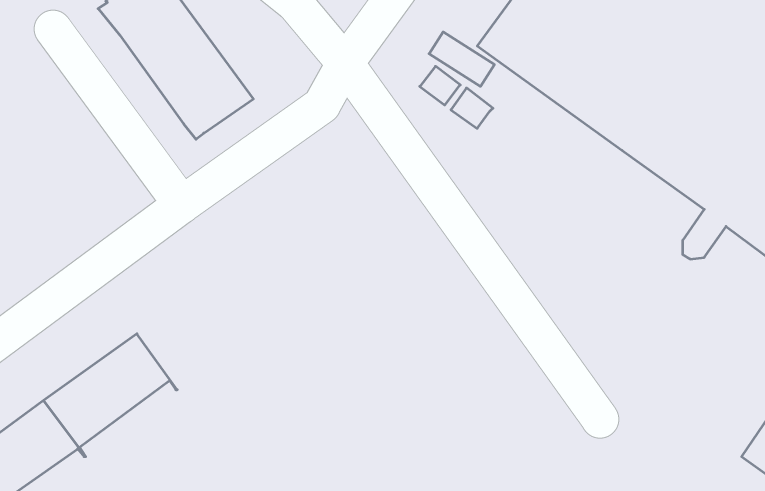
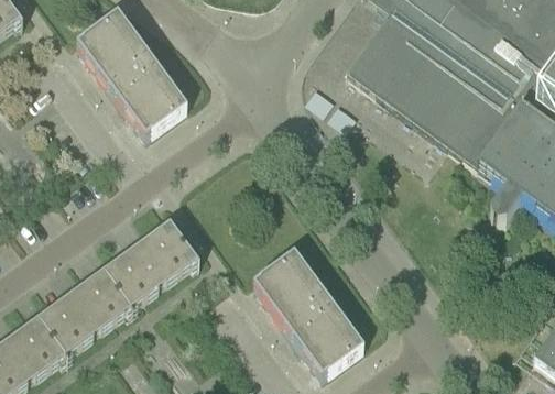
building: none -> [105,222,199,310]
building: none -> [254,251,363,374]

